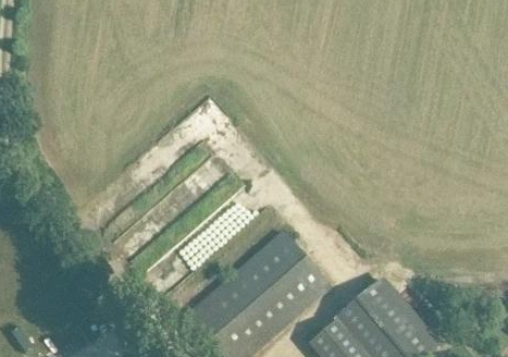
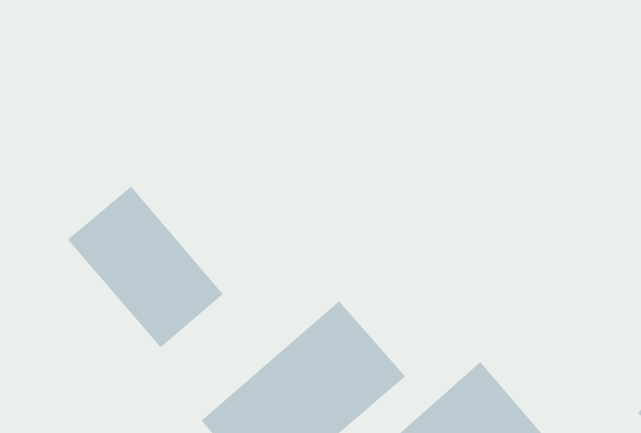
building: none -> [67,186,224,348]

